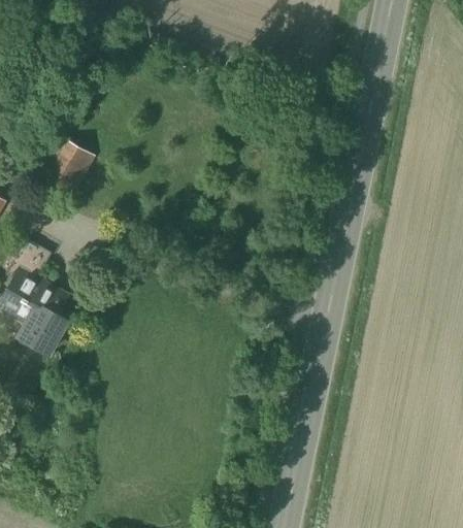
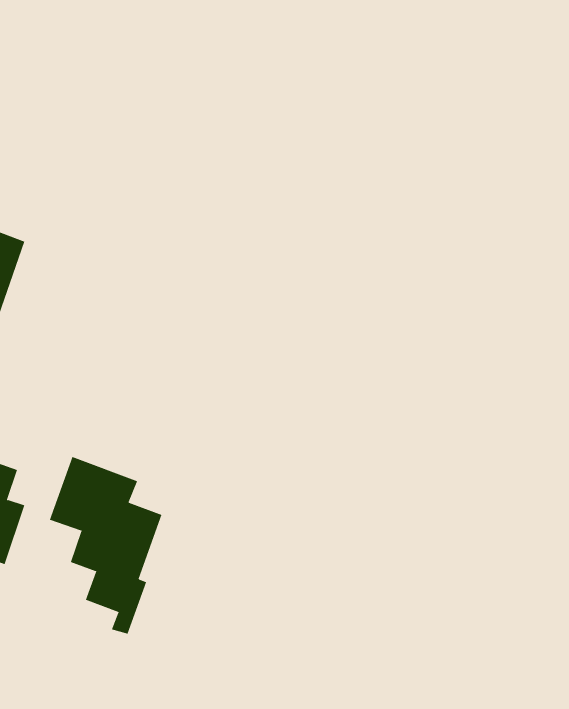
building: none -> [49,456,162,634]

